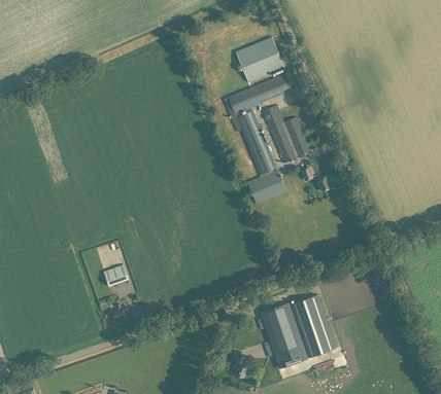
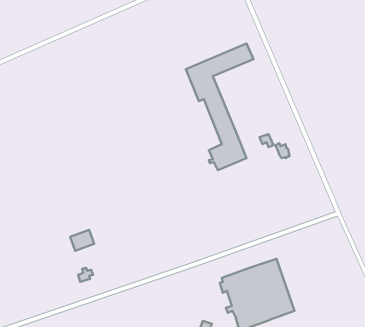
building: [236,37,283,82] -> none
building: [262,105,309,162] -> none

